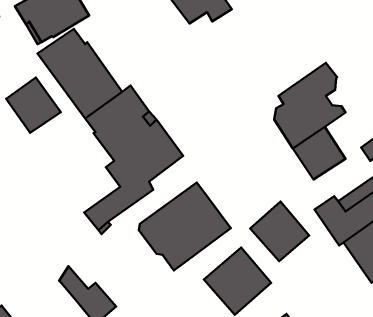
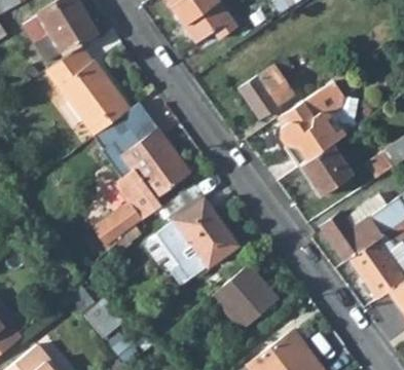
building: none -> [241,59,295,117]
building: [6,77,61,133] -> none
building: [250,202,309,261] -> none

